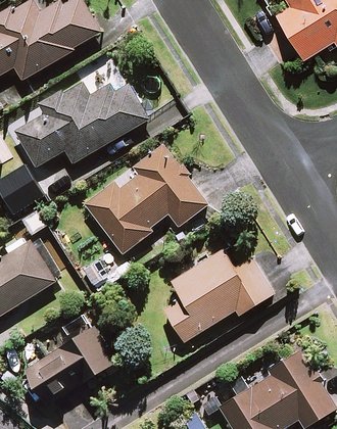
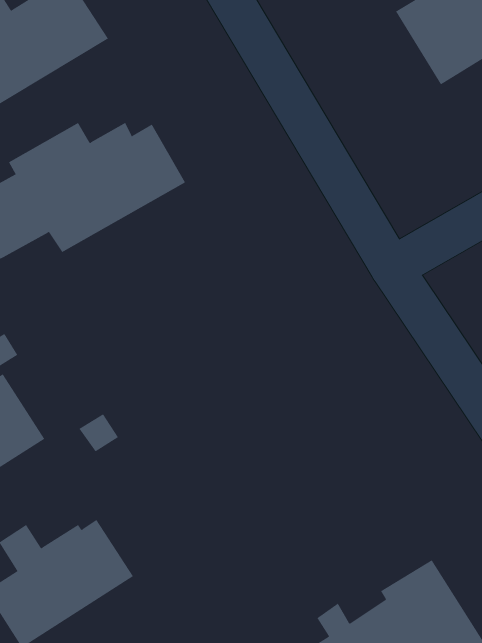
building: [85,146,207,254] -> none
building: [163,250,273,342] -> none

